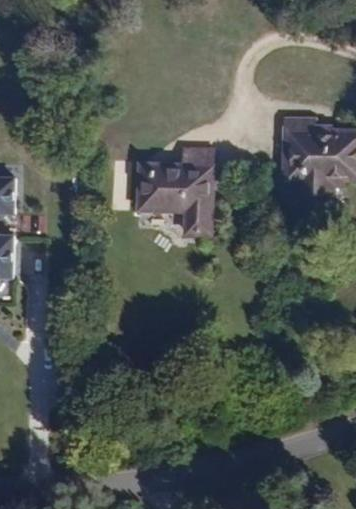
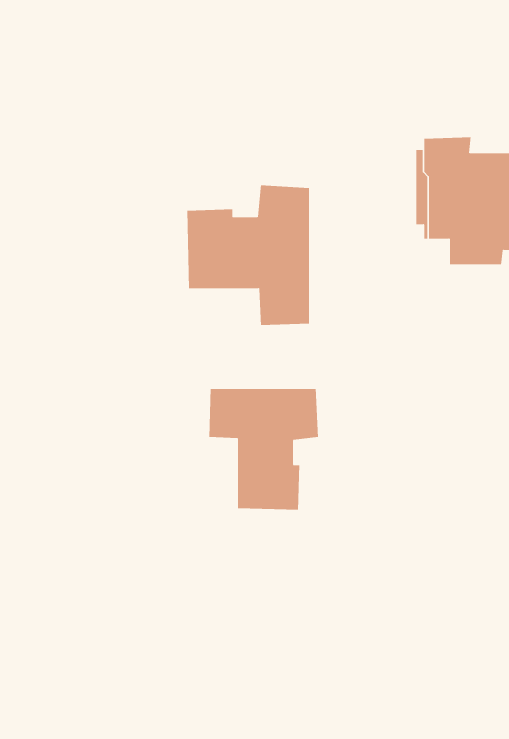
building: none -> [209,388,319,510]

